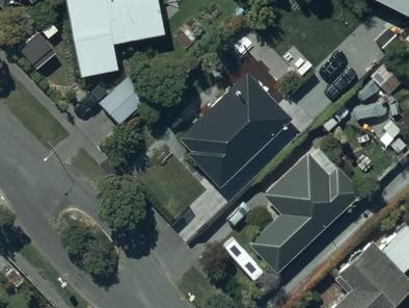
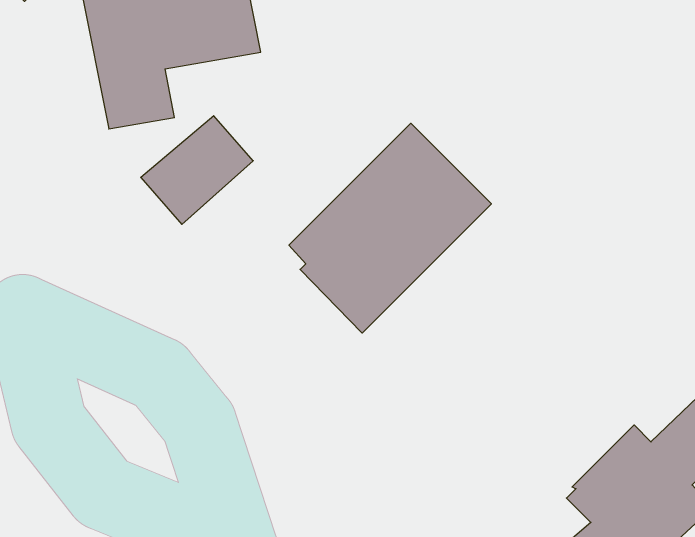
building: [248,144,362,274] -> none

